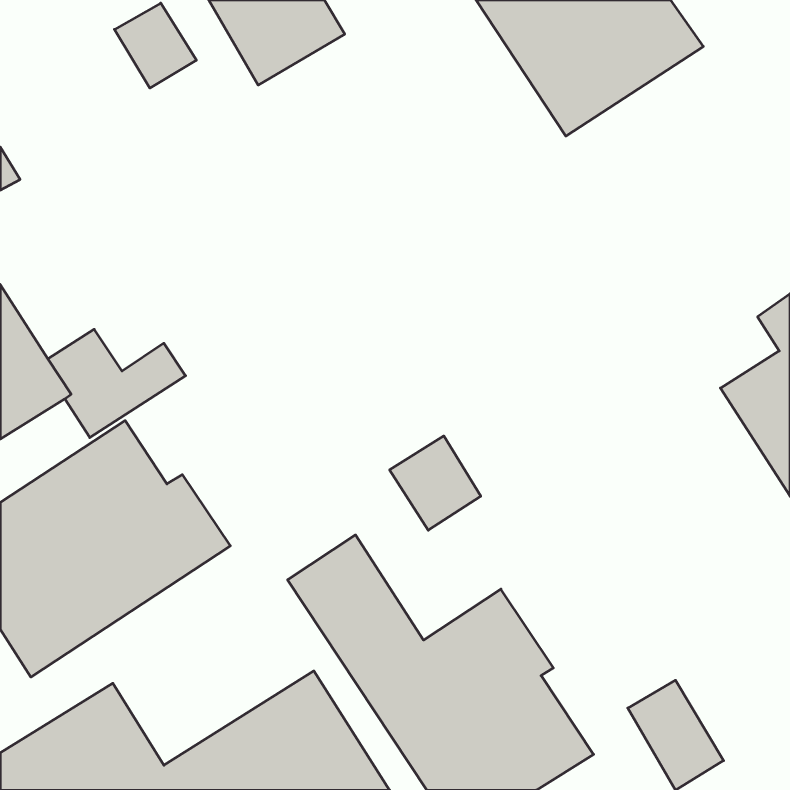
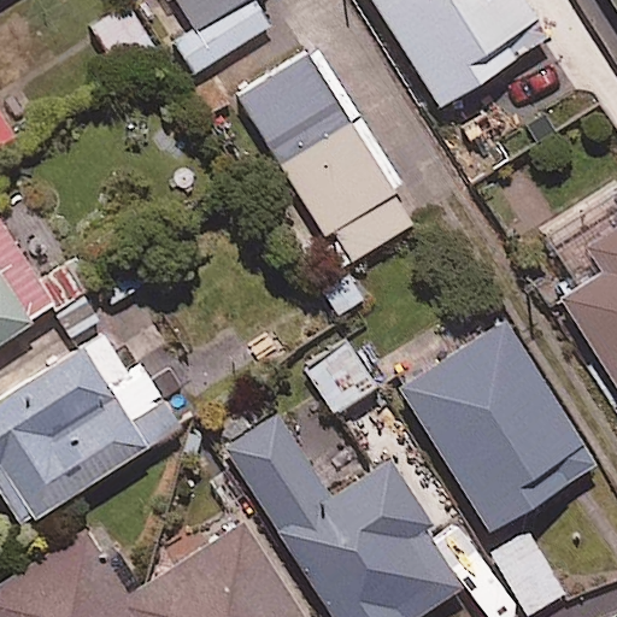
building: none -> [236,48,419,266]
building: none -> [398,322,595,533]

